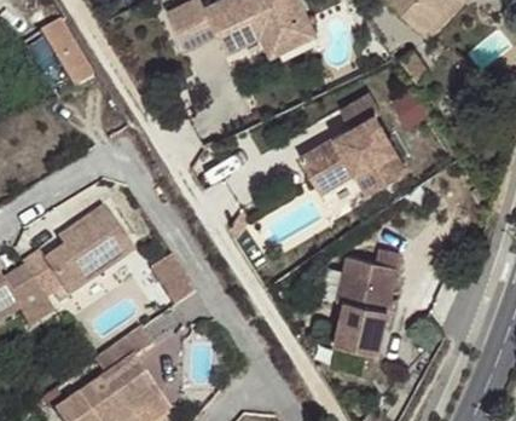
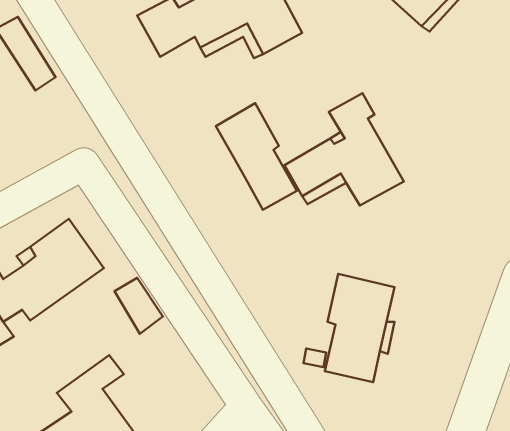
building: none -> [216,103,297,210]

